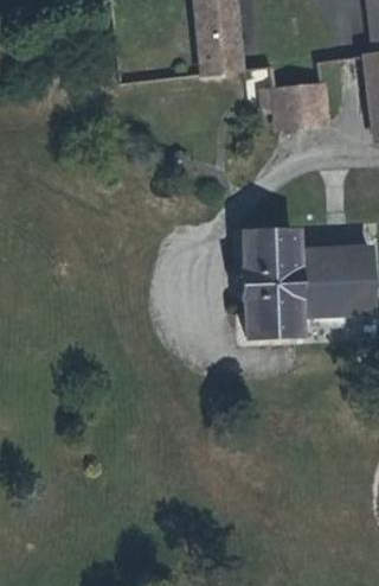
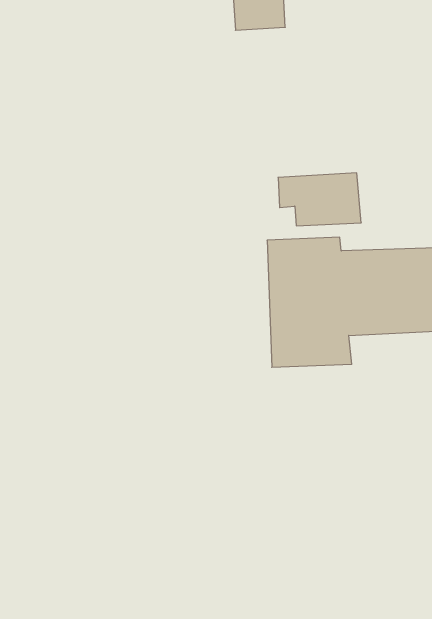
building: [271,83,336,125] -> [278,173,361,226]

